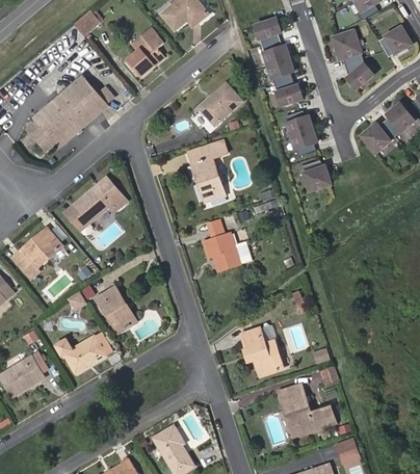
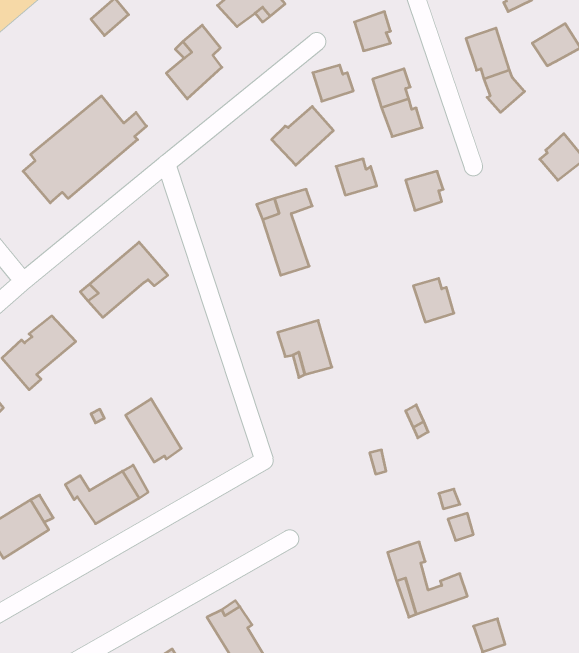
building: [261,41,289,65] -> [313,65,353,101]
building: [284,110,312,135] -> [336,159,377,195]
building: [361,121,395,152] -> none
building: [301,160,330,190] -> [413,278,454,322]
building: [240,328,281,374] -> none

